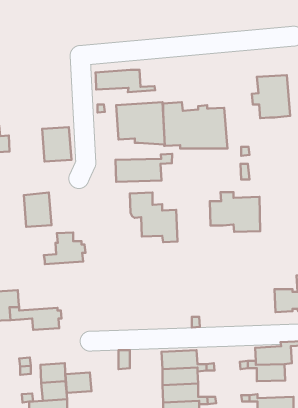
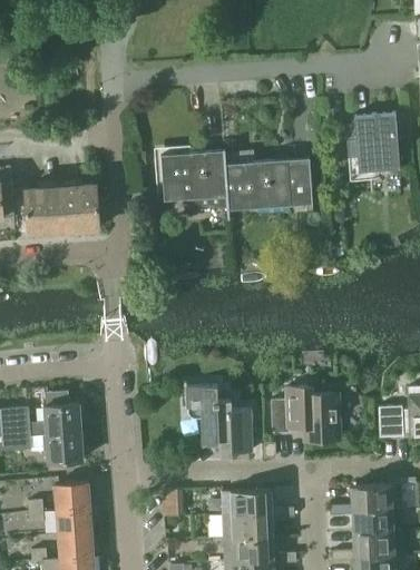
building: [95,70,155,92] -> none
building: [116,154,172,182] -> none
building: [210,192,260,232] -> [271,387,340,442]
building: [24,193,51,227] -> [25,187,62,234]
building: [130,193,178,242] -> [186,385,252,453]
building: [44,232,85,264] -> [27,392,84,435]
building: [65,372,91,393] -> [55,482,90,510]
building: none -> [353,530,403,556]

